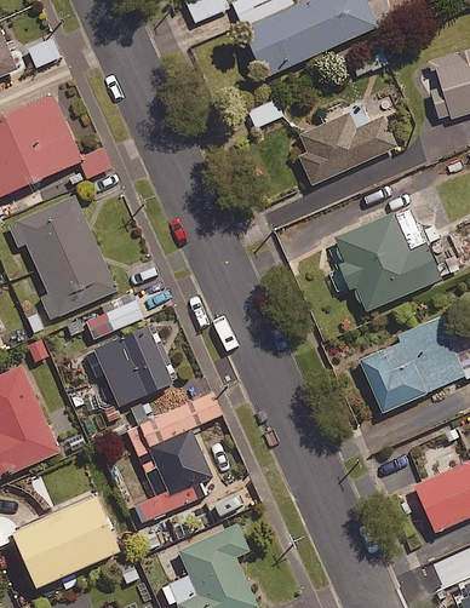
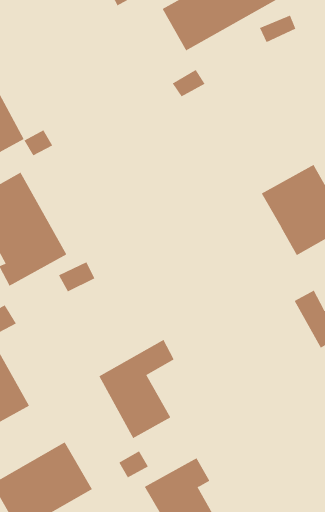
building: [297,114,396,187] -> none
building: [101,325,171,401] -> none

